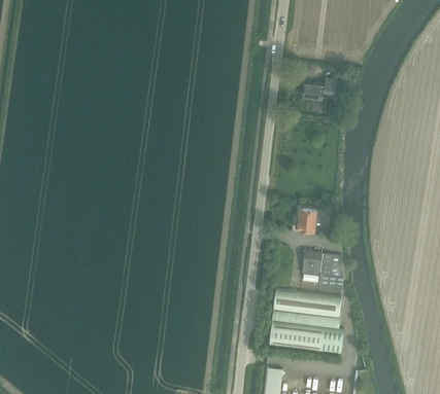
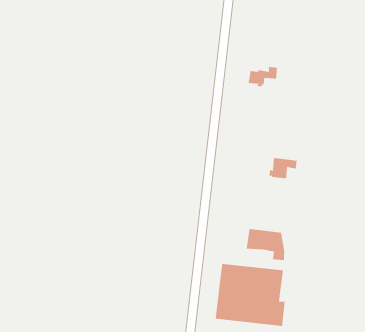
building: [295,209,326,231] -> [268,158,298,179]

